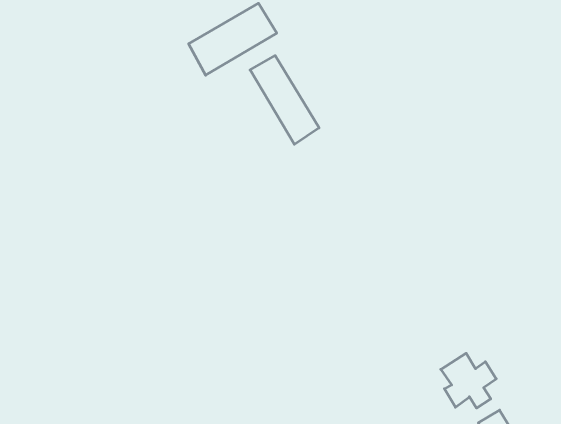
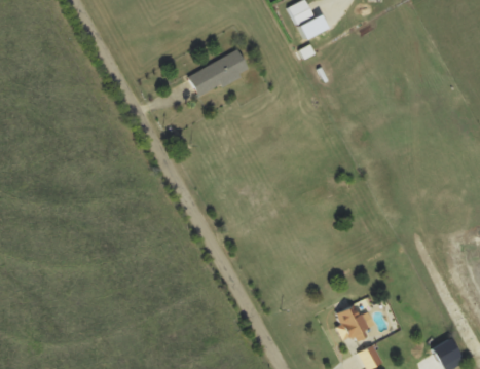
building: [250,56,319,144] -> none

